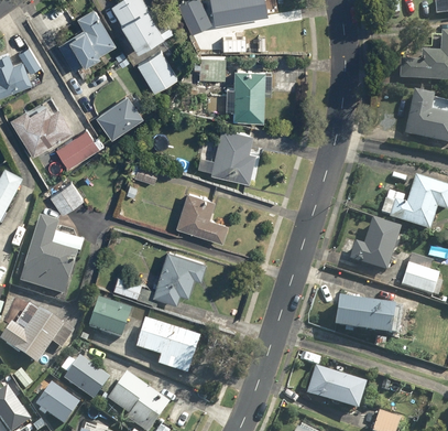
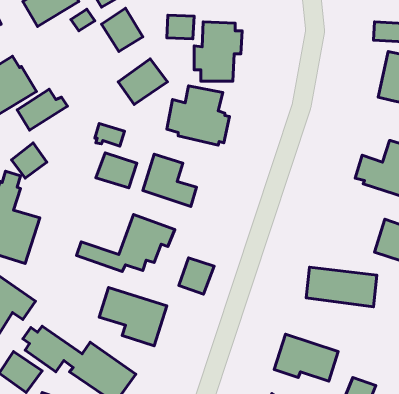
building: [96,94,143,138] -> [118,59,167,105]
building: none -> [96,153,137,188]
building: [343,218,401,274] -> none
building: none -> [179,258,214,294]
building: [87,297,131,337] -> none

